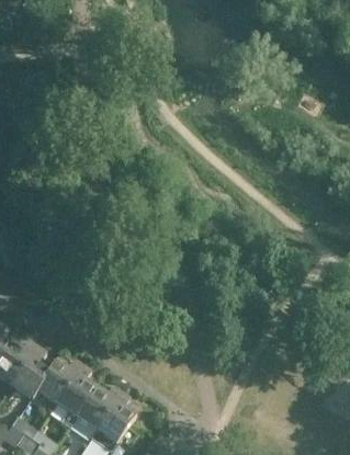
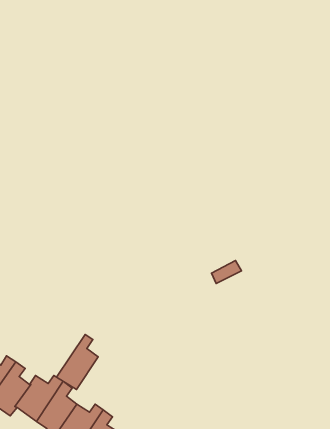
building: none -> [56,335,98,390]

